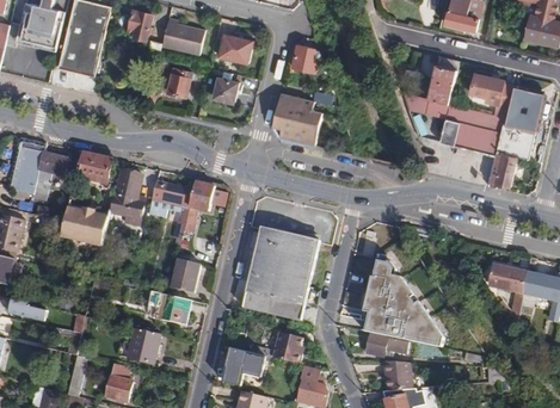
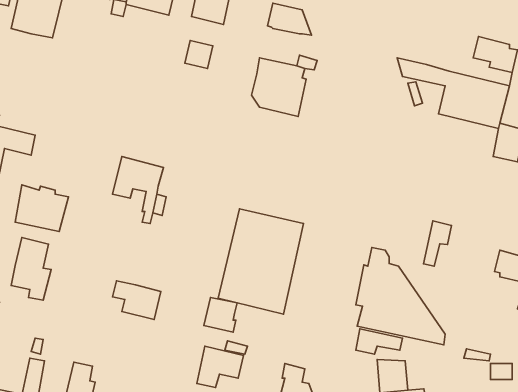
building: [429,56,459,104] -> none
building: [165,66,191,97] -> none
building: [78,153,113,185] -> none
building: [110,169,146,225] -> [11,237,51,300]
building: [189,179,215,211] -> none
building: none -> [424,221,452,266]
building: [171,258,201,292] -> none
building: [128,327,161,364] -> none
building: [271,333,301,364] -> [204,298,237,332]

